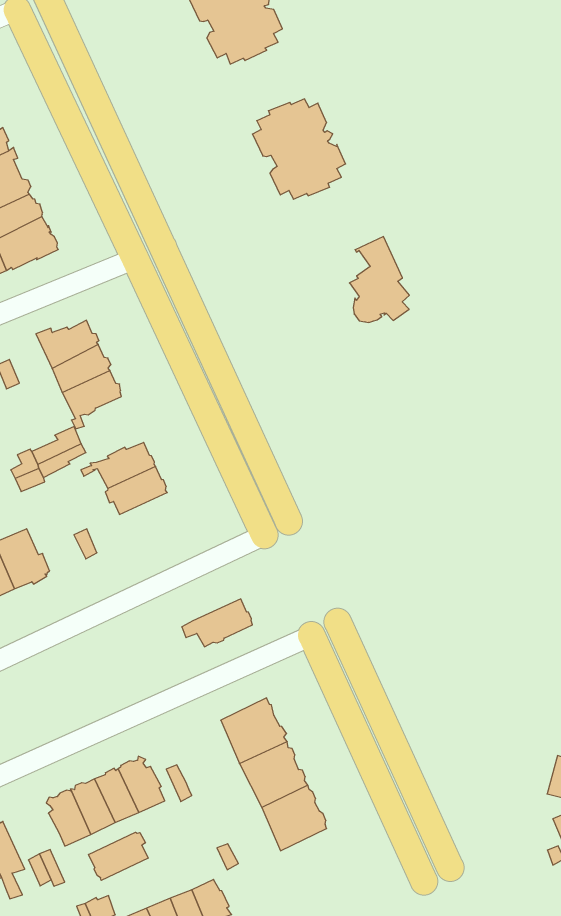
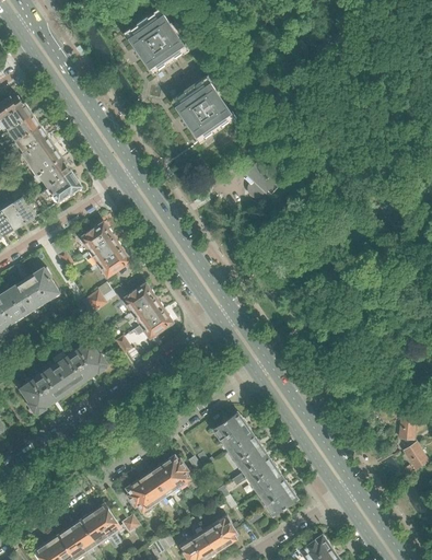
building: [182,599,252,647] -> [133,310,172,339]
building: none -> [258,478,296,516]
building: [89,832,148,880] -> none

